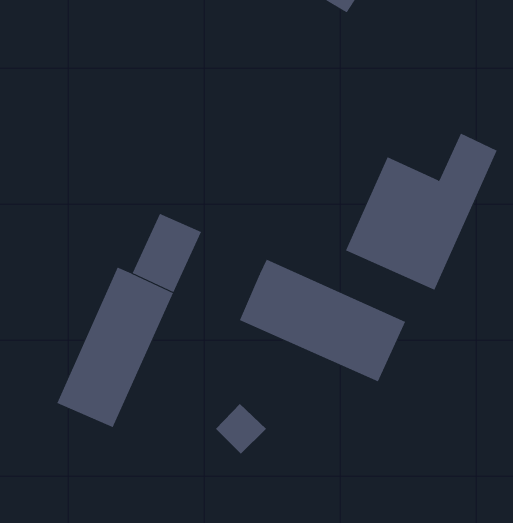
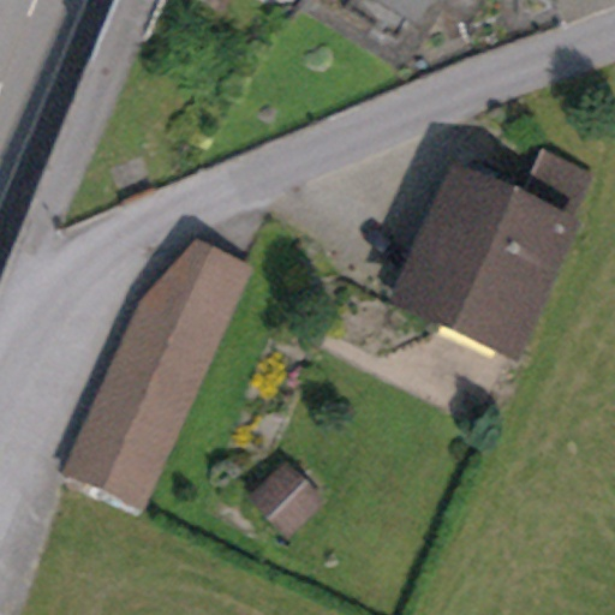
building: [239,259,406,382] -> none

